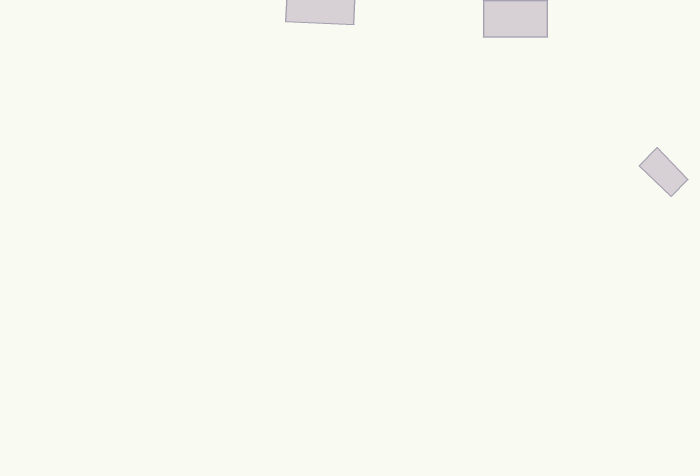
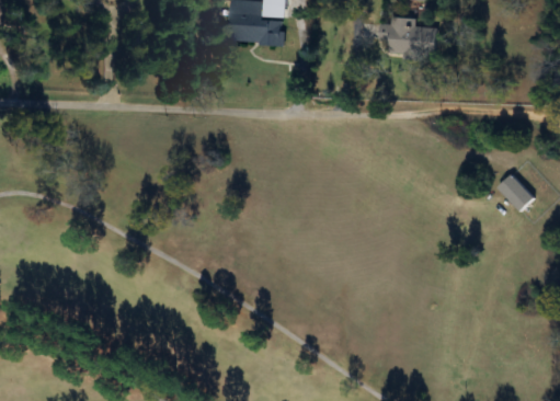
building: [639,148,688,196] -> [499,174,537,213]

